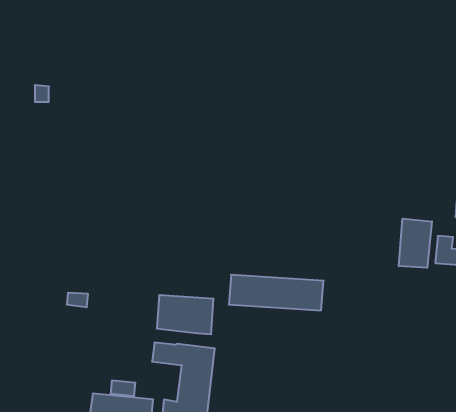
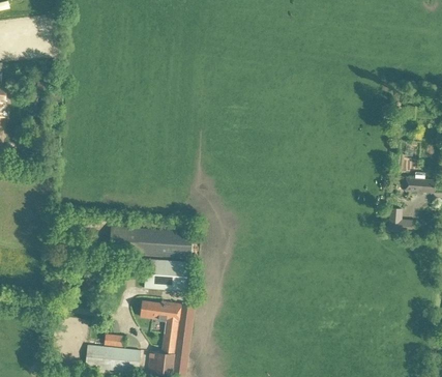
building: [399,219,432,268] -> none
building: [229,275,324,310] -> [109,226,191,257]

